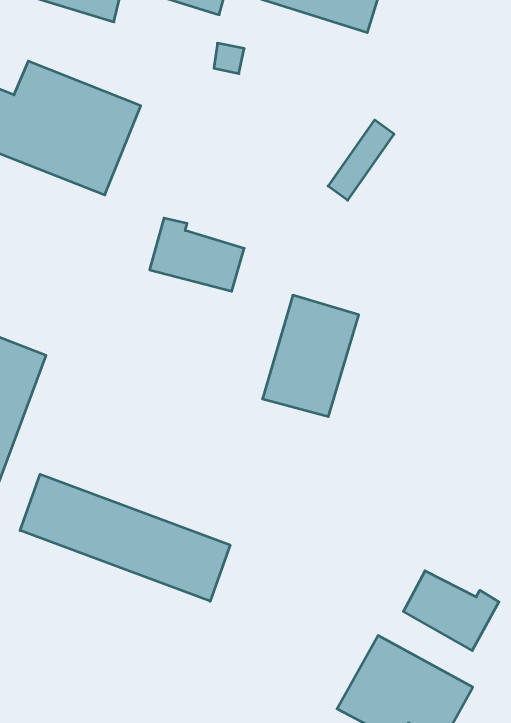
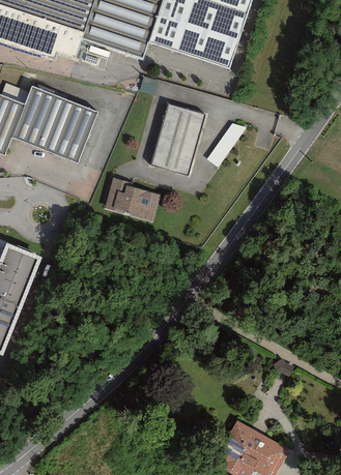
building: [262,295,359,417] -> [150,103,206,174]
building: [20,474,230,601] -> none
building: [403,571,499,651] -> none

